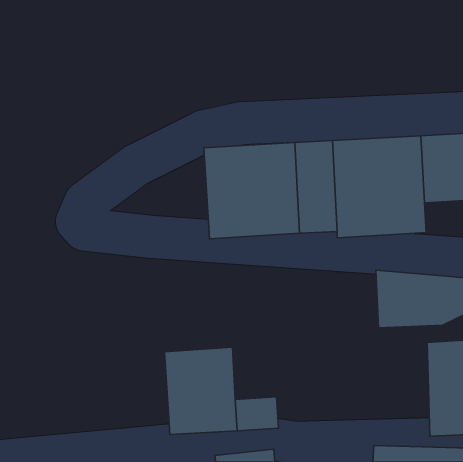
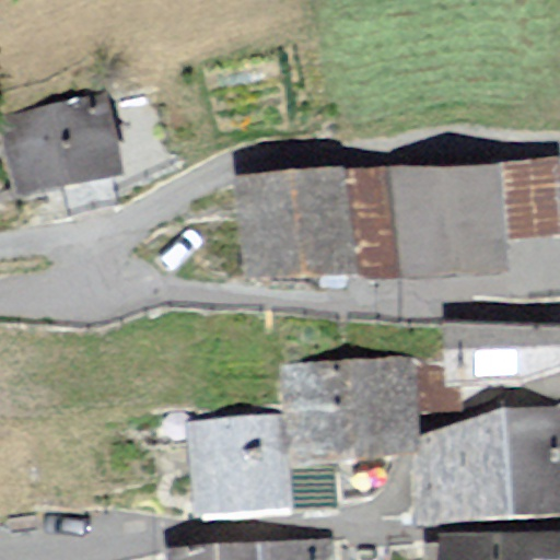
building: none -> [16,93,122,191]
building: none -> [296,358,421,466]
building: none -> [430,408,520,523]

